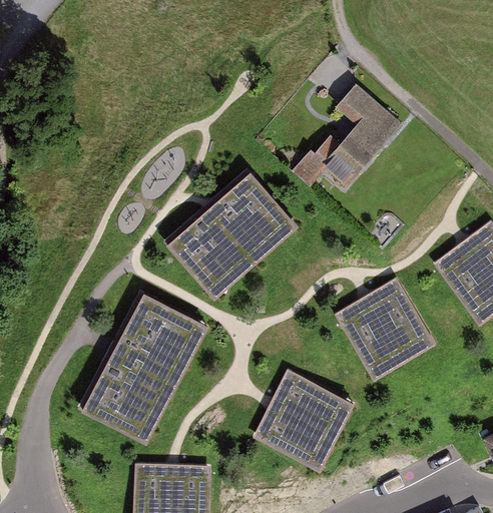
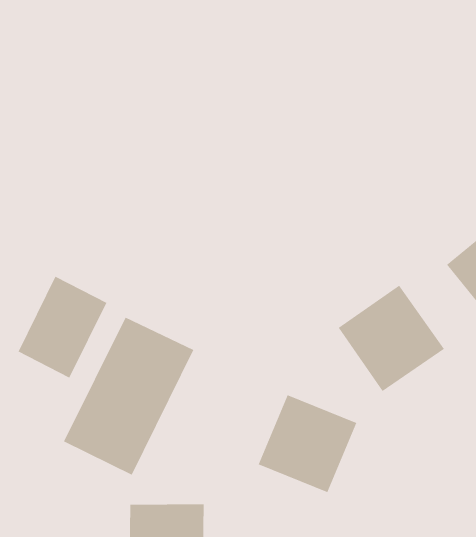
building: [296,87,398,182] -> none
building: [170,173,295,294] -> none
building: none -> [18,276,107,379]

